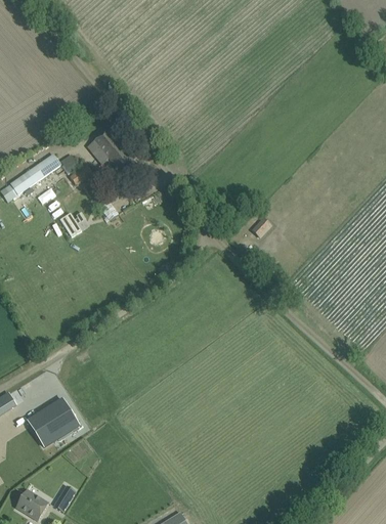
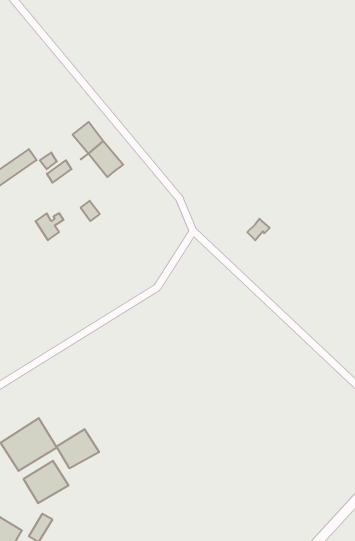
building: none -> [56,429,99,468]
building: none -> [24,461,68,503]

